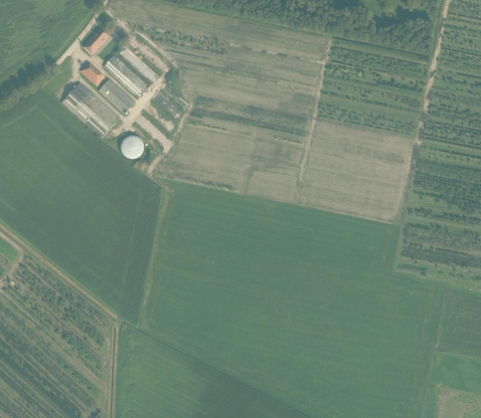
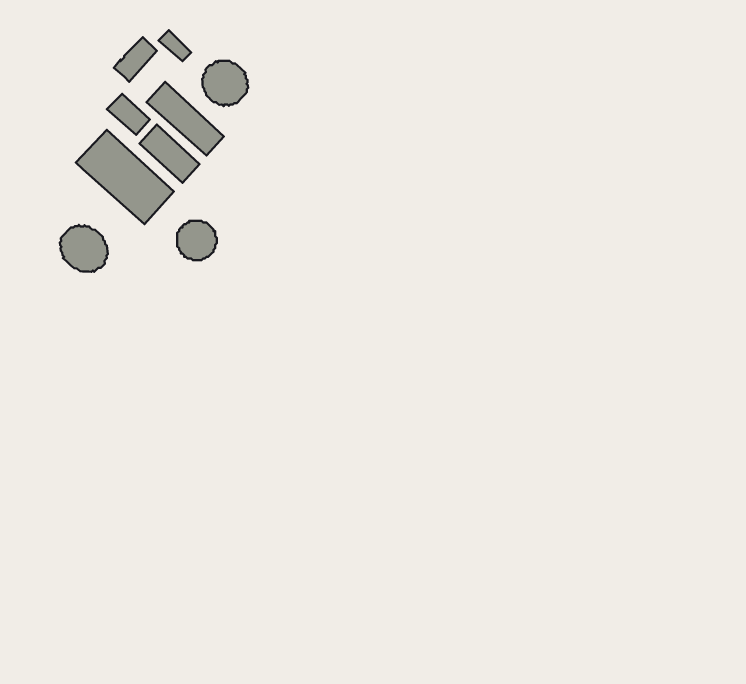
building: none -> [202,61,248,106]
building: none -> [60,225,108,272]

